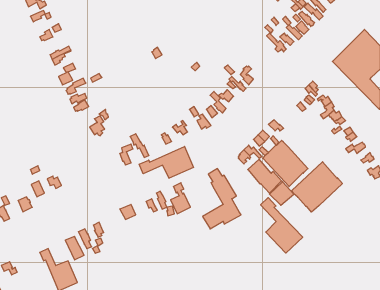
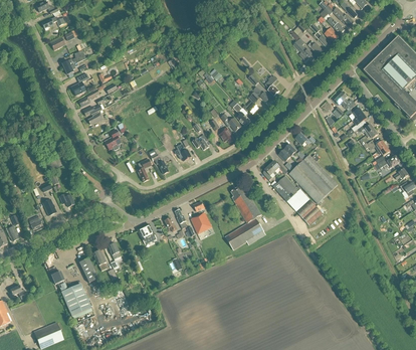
building: [139,146,194,178] -> none
building: [292,162,342,212] -> none
building: [261,198,303,253] -> none

